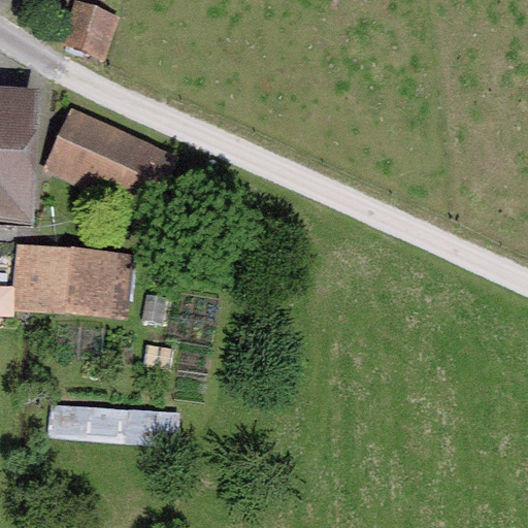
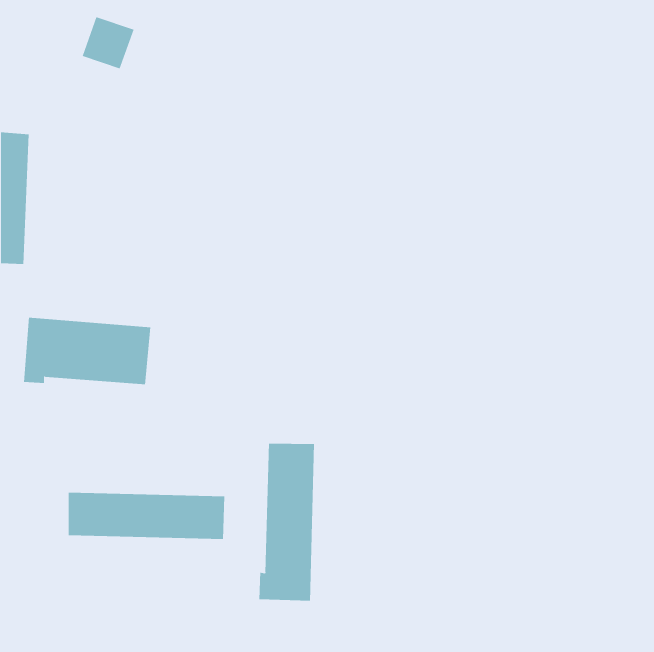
building: [53,120,166,219] -> none
building: none -> [259,443,314,602]

